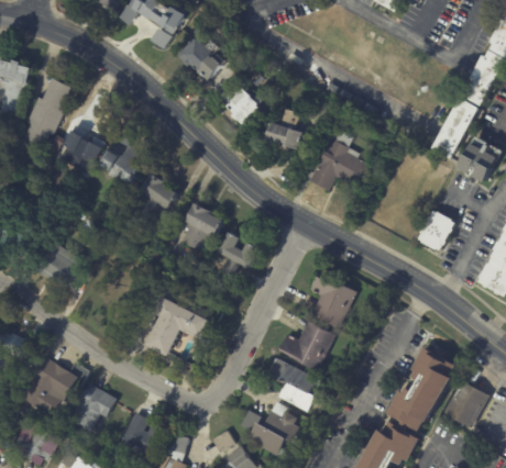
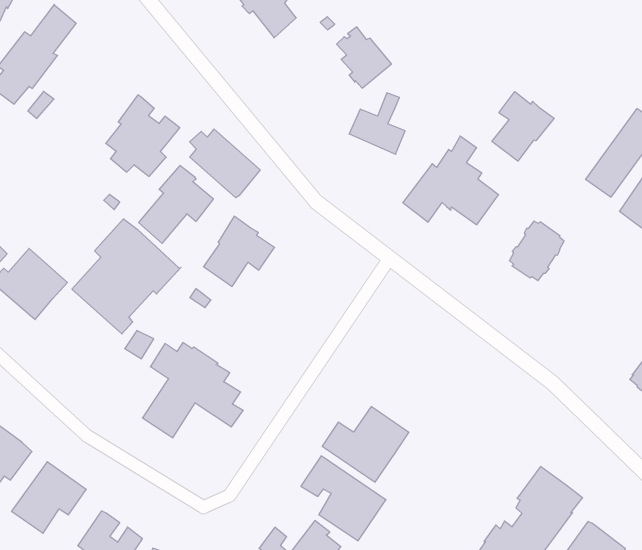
building: [220,82,259,123] -> [337,27,391,88]
building: none -> [492,92,554,161]
building: [59,129,107,174] -> none
building: none -> [190,129,260,198]
building: [418,210,453,249] -> [509,221,564,281]
building: none -> [72,219,181,334]
building: [223,232,267,279] -> none
building: [308,271,354,324] -> none

